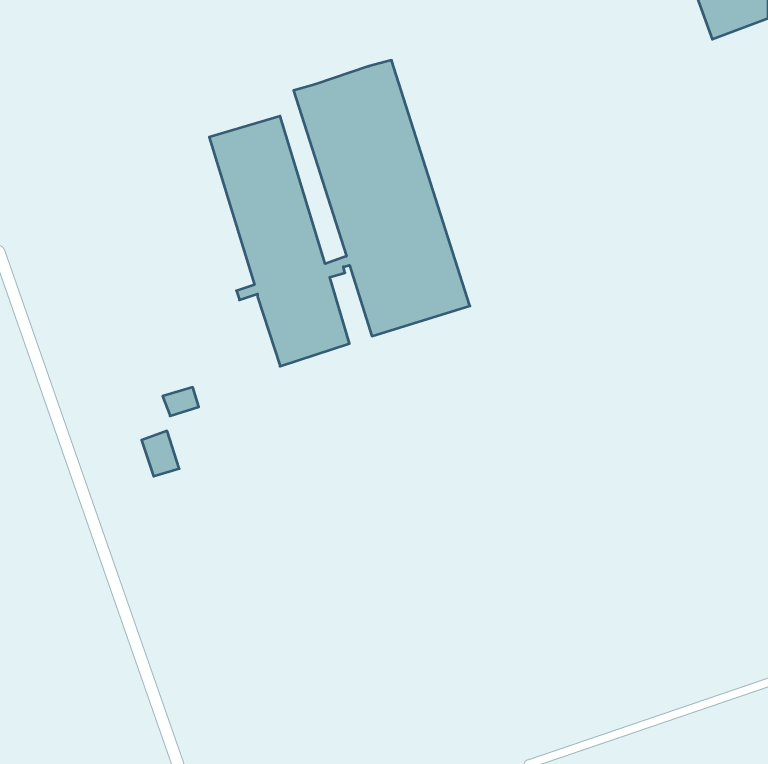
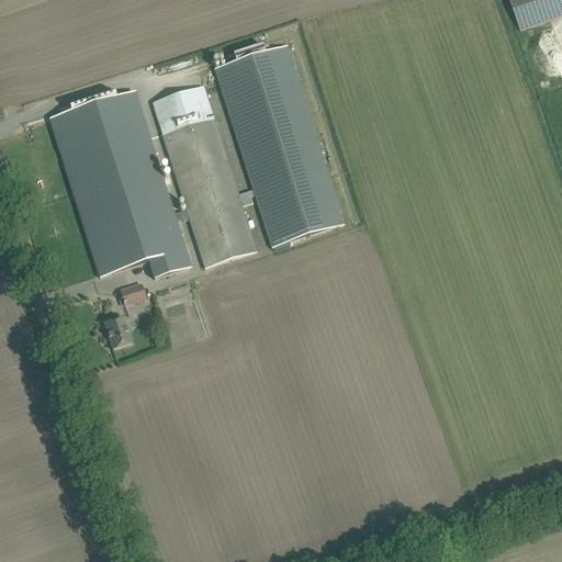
building: none -> [48,87,189,277]

